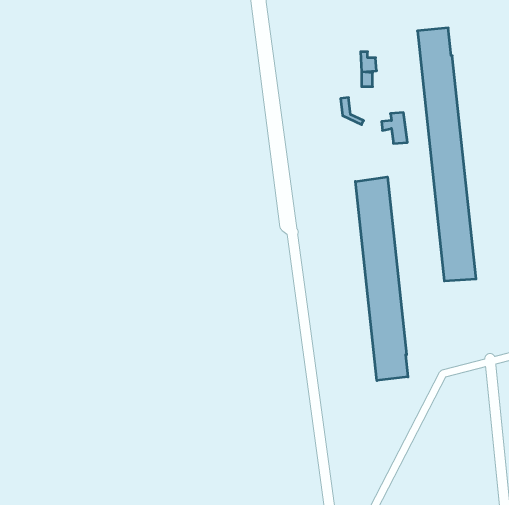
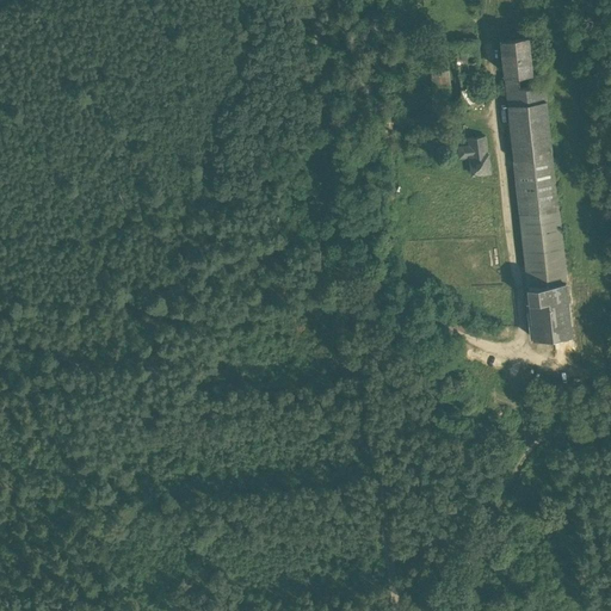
building: [355,177,408,381] -> none

